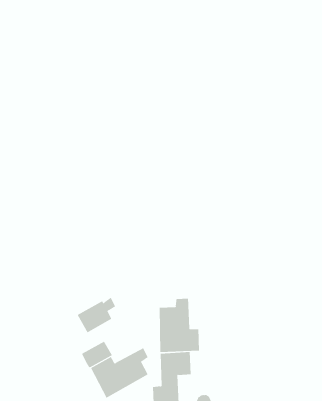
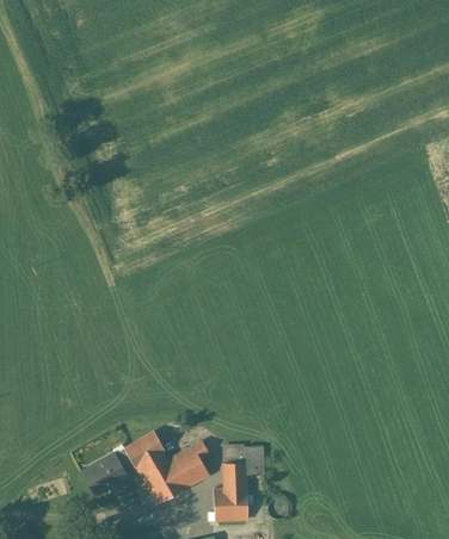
building: [77,297,116,333] -> [82,448,131,494]
building: [159,298,200,353] -> none

